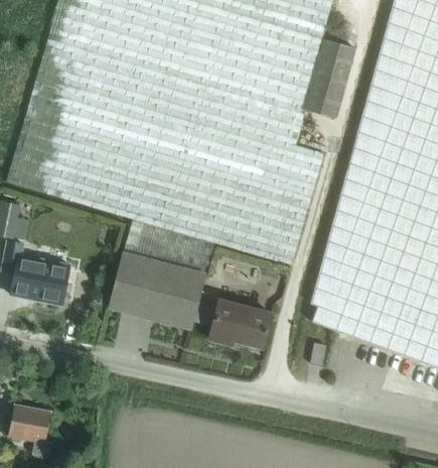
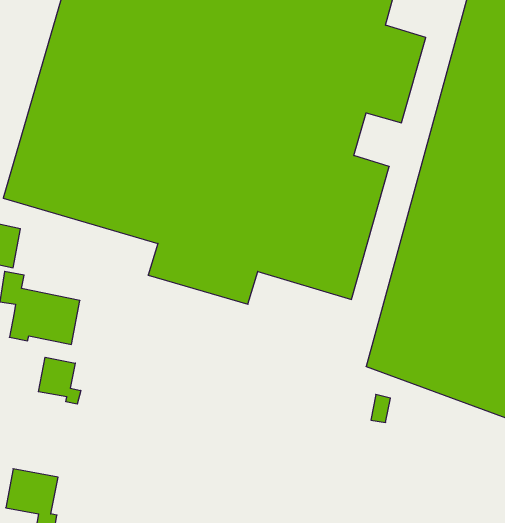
building: [109,253,271,347] -> none
building: none -> [38,357,81,404]

